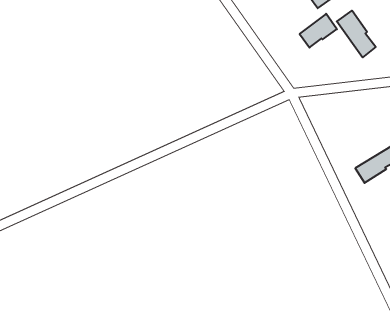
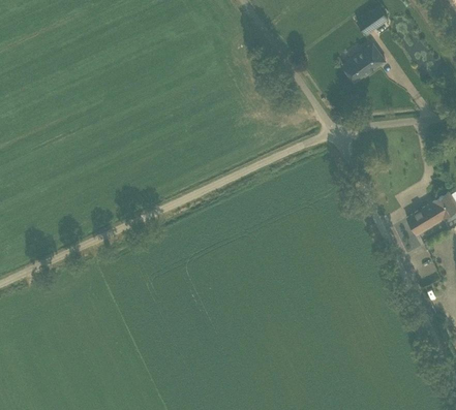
building: [337,11,376,57] -> none

